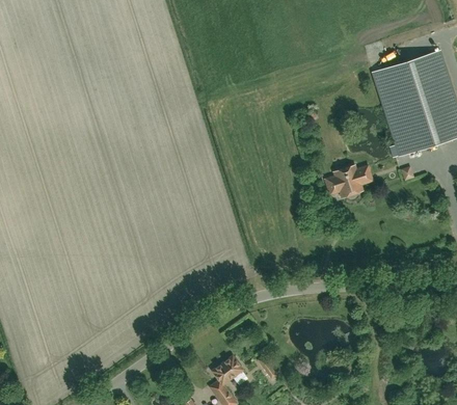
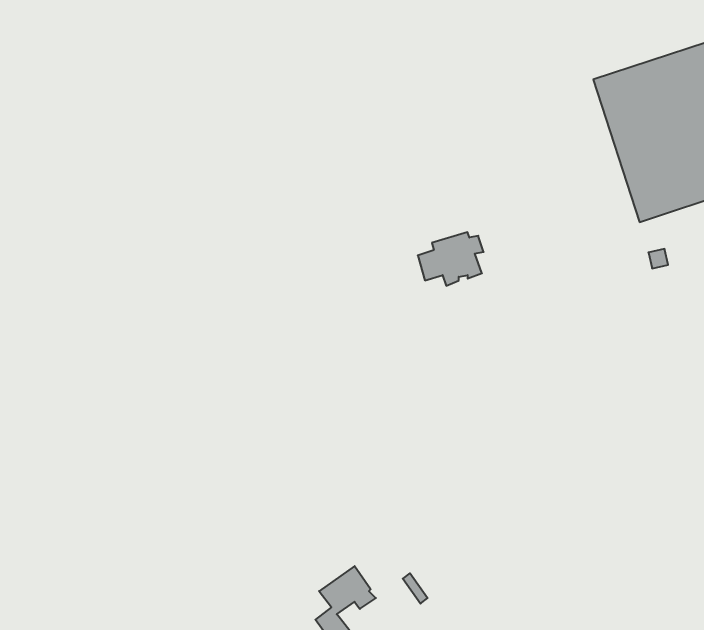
building: [325,165,364,196] -> [418,232,484,286]

